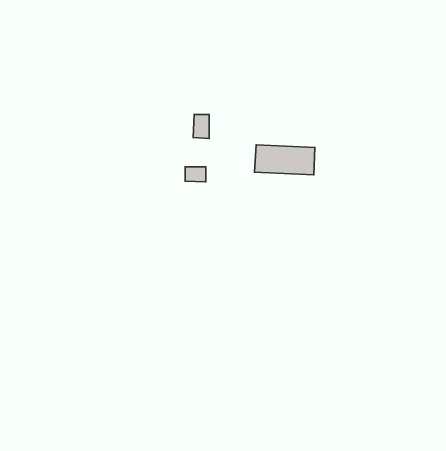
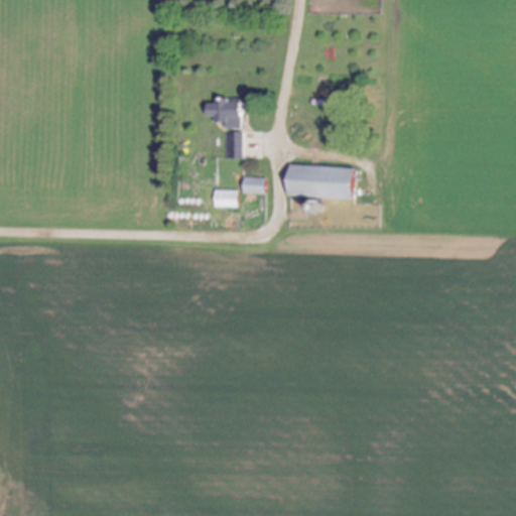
building: none -> [205,100,244,127]
building: none -> [240,175,264,194]

